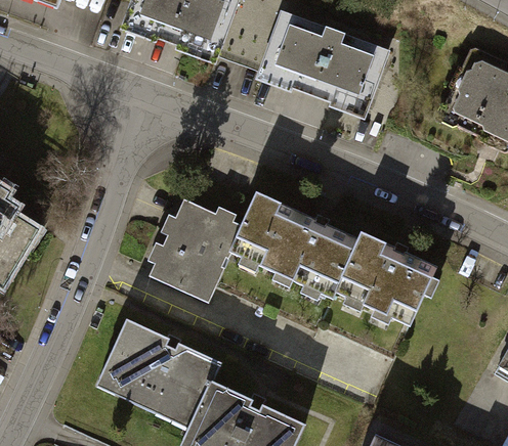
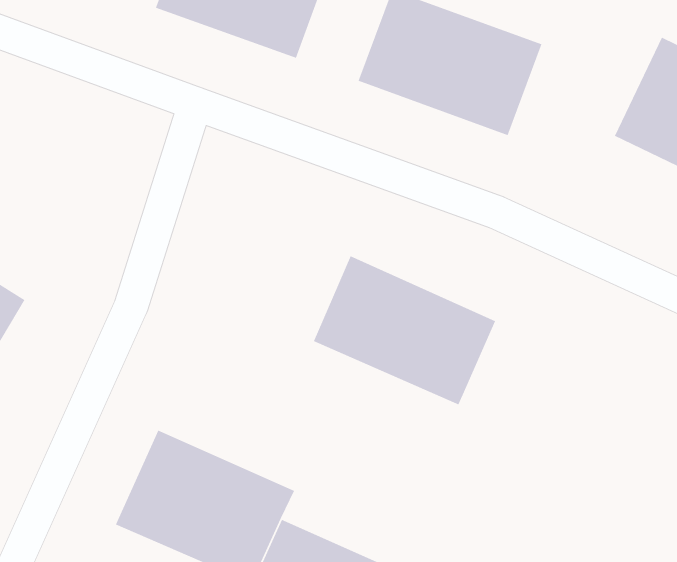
building: [149,198,244,300] -> none
building: [334,234,439,327] -> none

